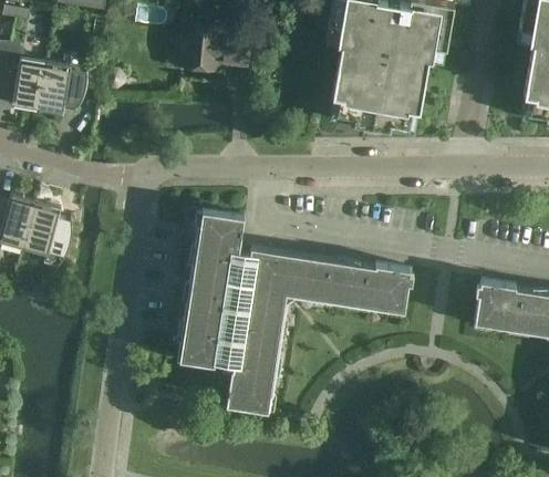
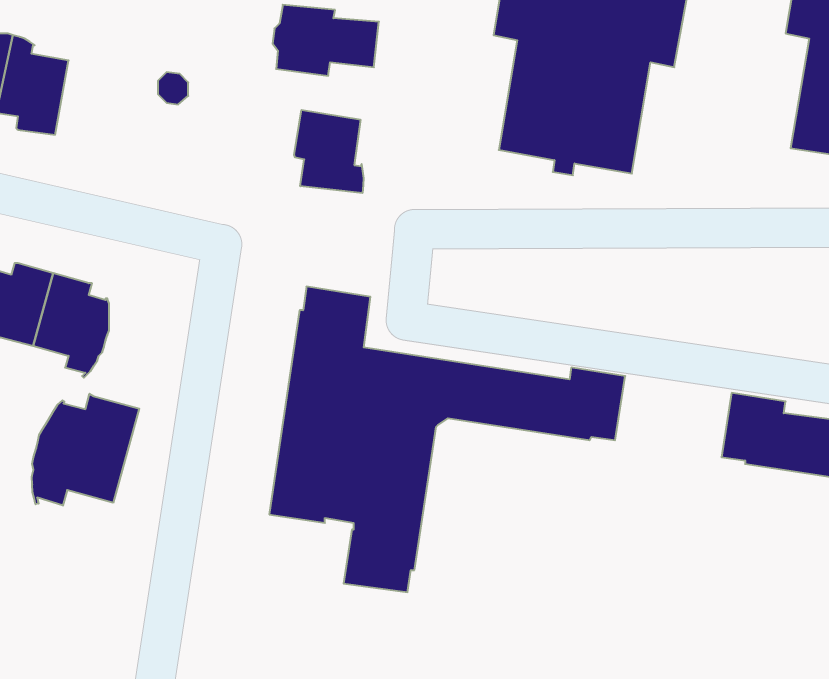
building: [37,56,87,115] -> none
building: none -> [294,110,364,193]
building: none -> [32,394,139,506]

